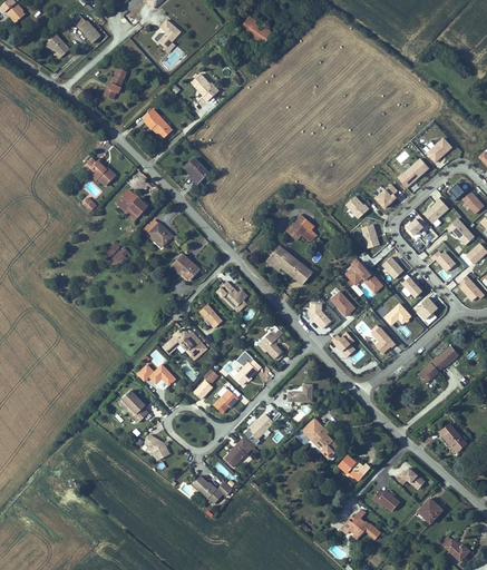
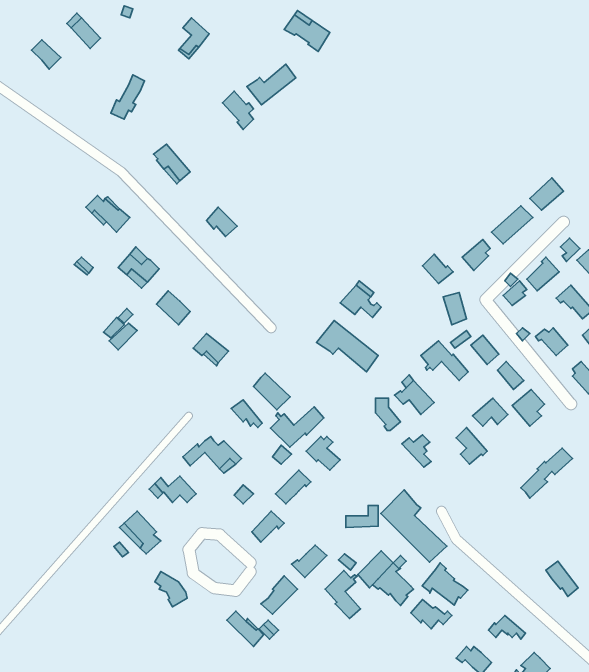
building: none -> [247,64,296,105]
building: none -> [271,407,324,447]
building: none -> [381,490,447,562]
building: none -> [422,563,468,605]
building: none -> [325,571,360,618]

